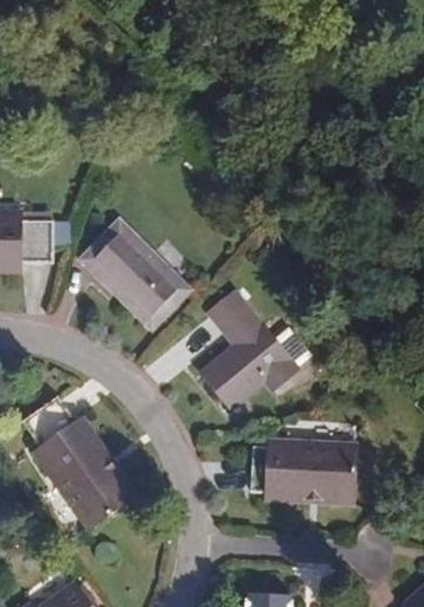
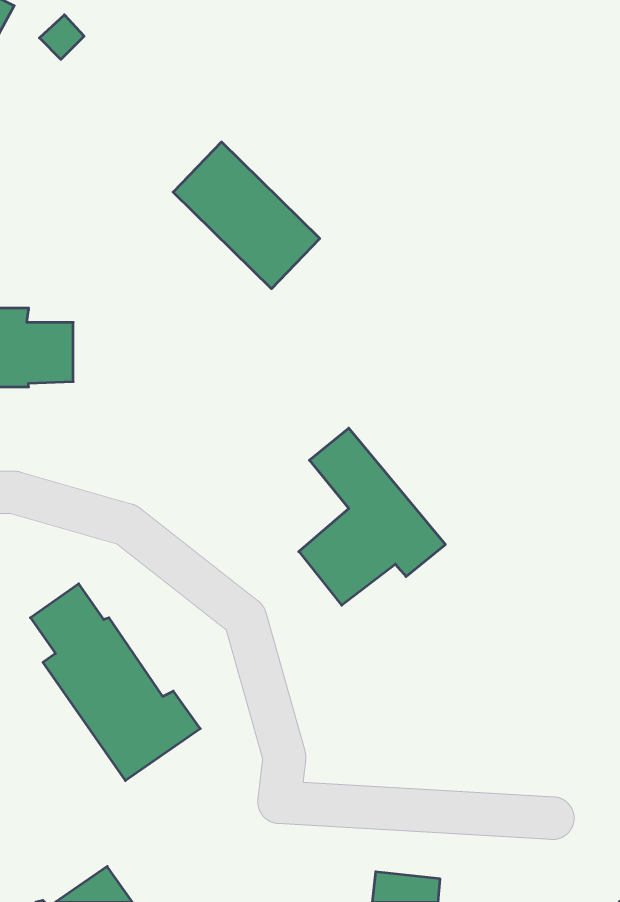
building: [85,225,182,322] -> [173,142,320,289]
building: [252,441,356,504] -> none

